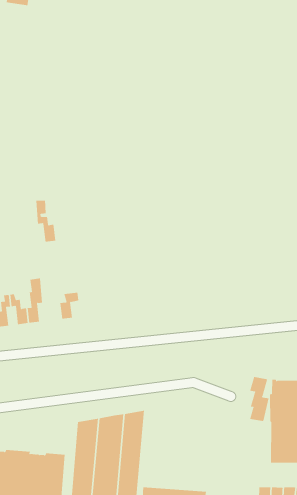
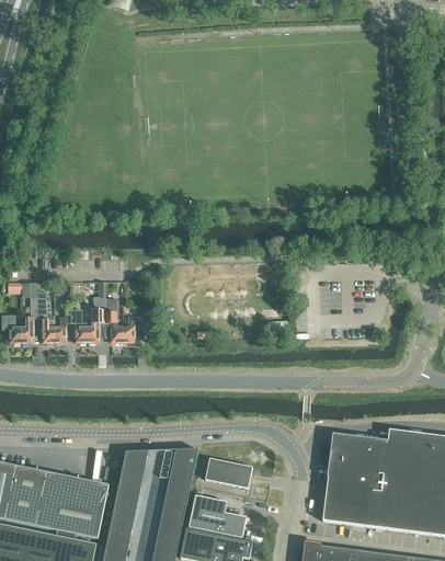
building: [35,200,56,242] -> [104,298,122,343]
building: [249,376,269,422] -> none
building: none -> [205,458,252,489]
building: none -> [189,495,246,539]

